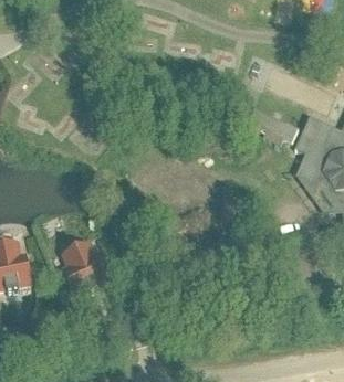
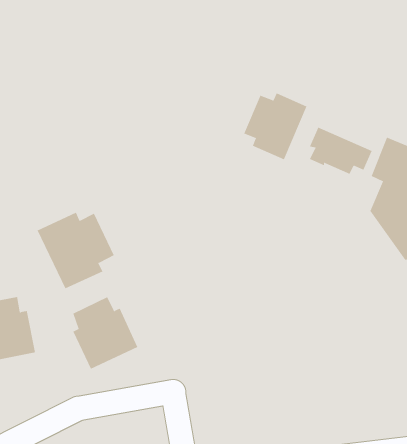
building: none -> [243,92,307,160]
building: none -> [37,212,114,289]

